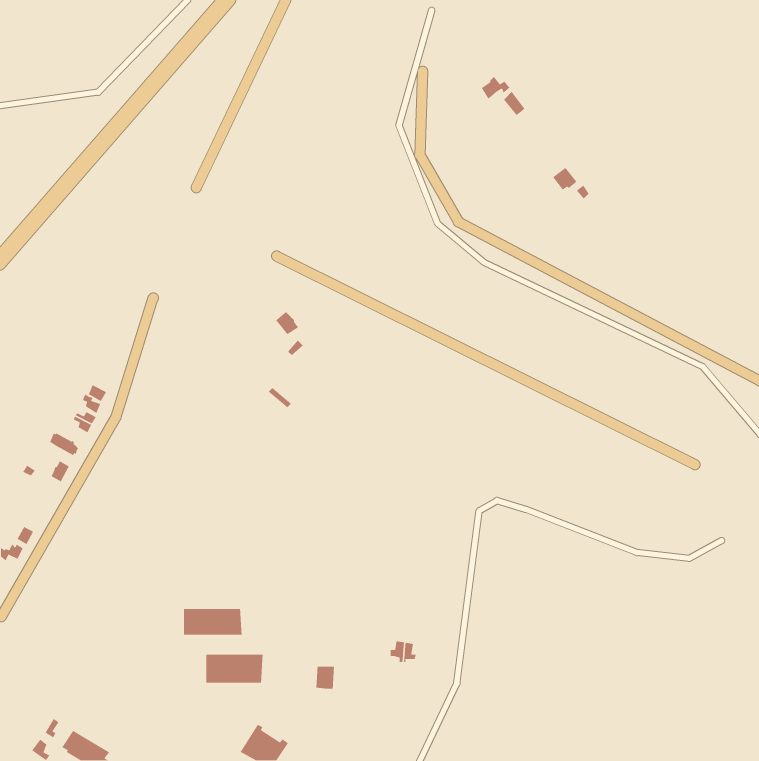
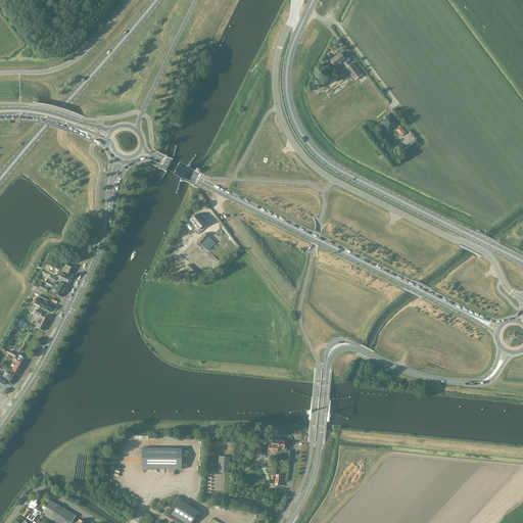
building: [183,608,242,636] -> none

